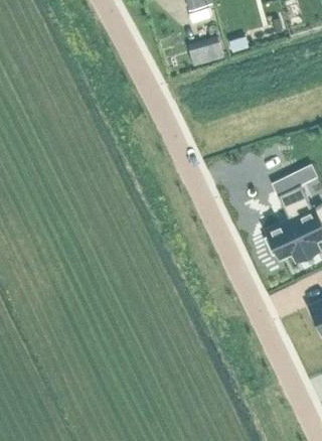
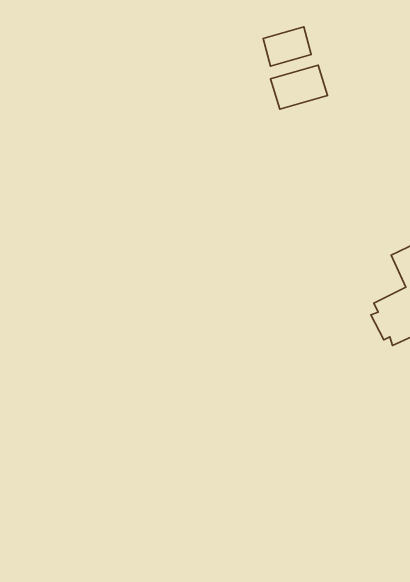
building: none -> [270,65,327,109]

